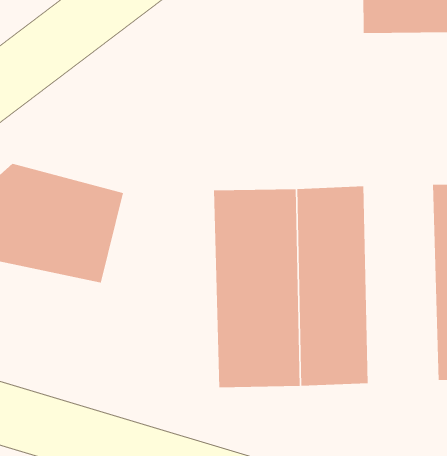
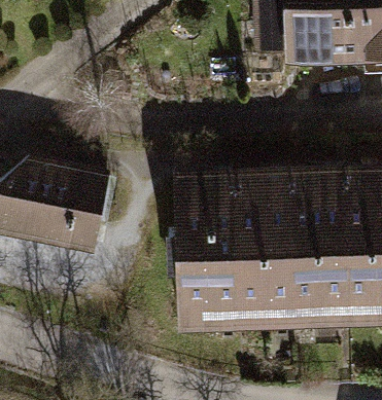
building: none -> [286,173,340,318]

